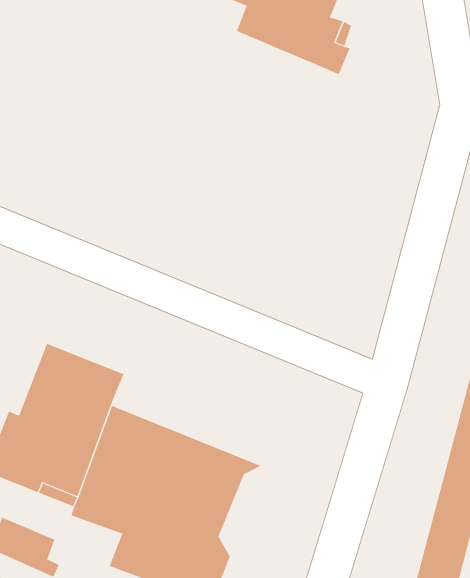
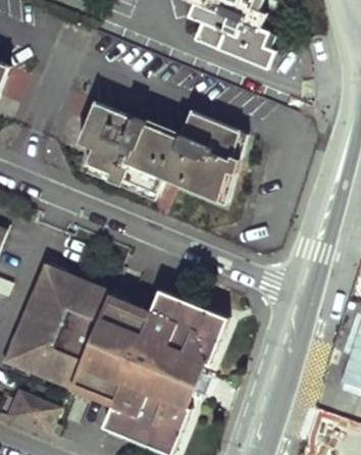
building: none -> [78,105,239,202]
building: none -> [100,288,226,354]

